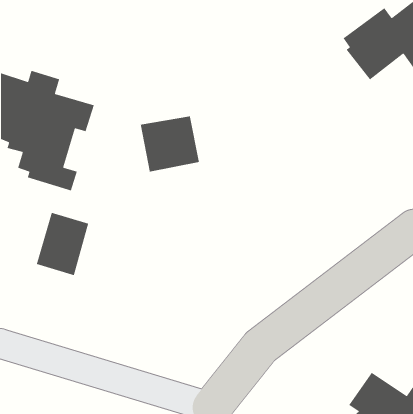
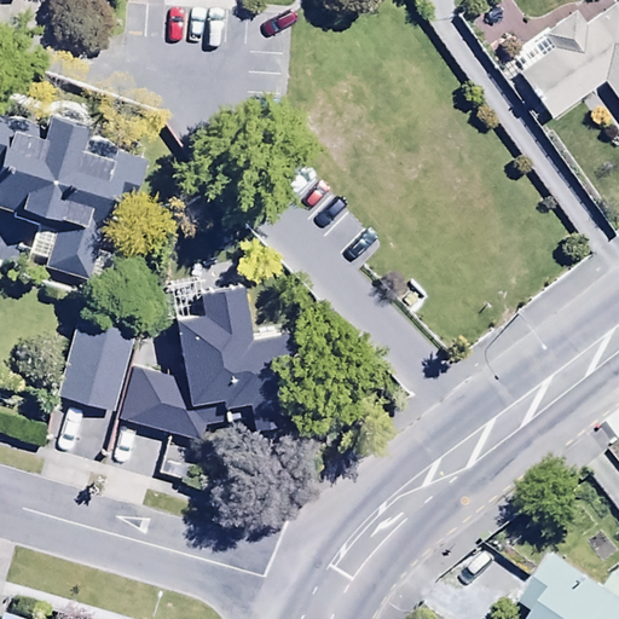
building: [140,115,200,173] -> none
building: none -> [116,279,305,444]

